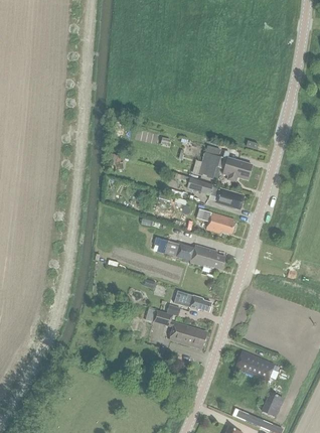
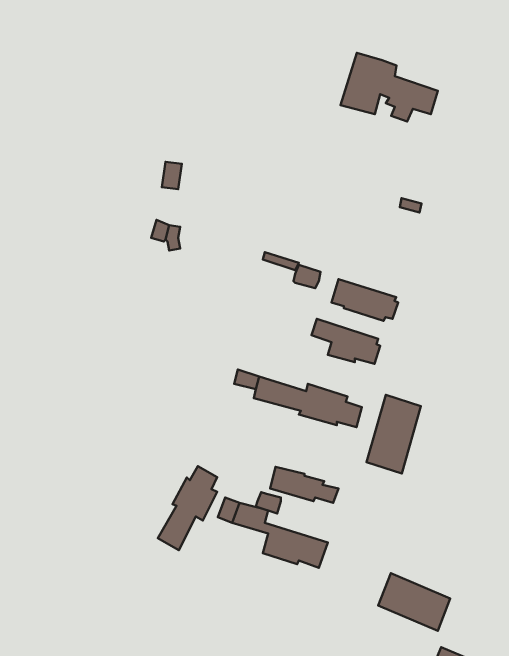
building: [197,144,252,182] -> [341,53,438,121]
building: none -> [366,395,421,473]
building: none -> [158,466,217,550]

